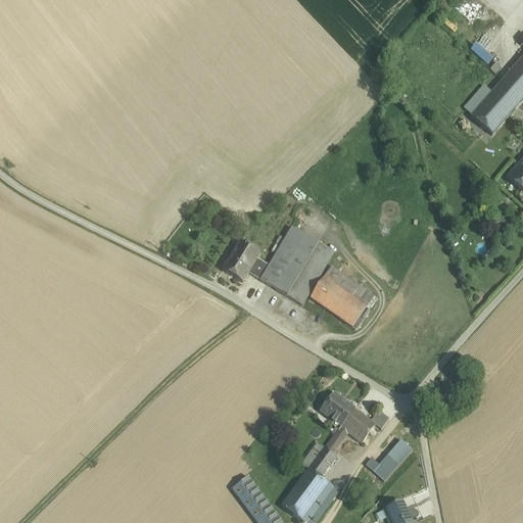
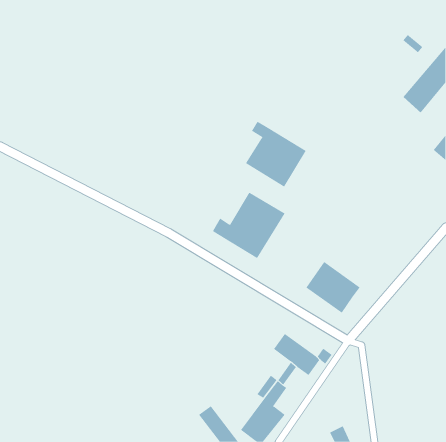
building: none -> [245,121,307,188]
building: [222,239,260,280] -> none
building: [310,265,374,326] -> [306,261,361,313]
building: [366,437,412,479] -> none

